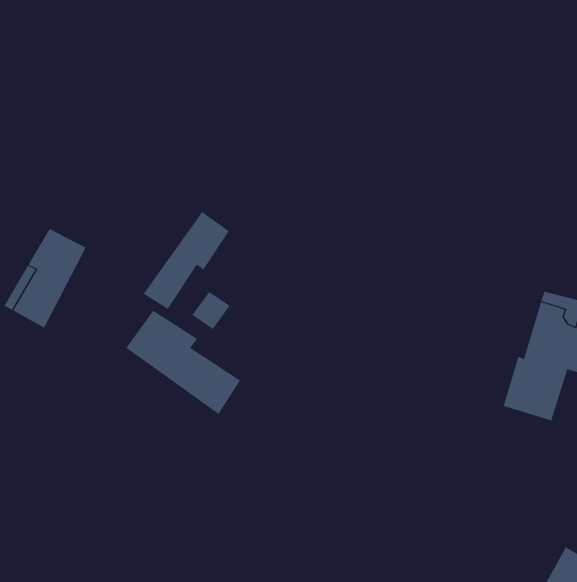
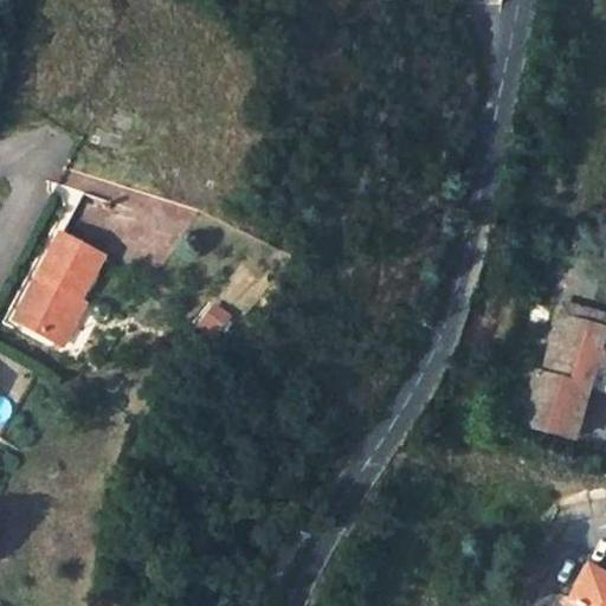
building: [143,211,229,310] -> none
building: [125,310,241,415] -> none

